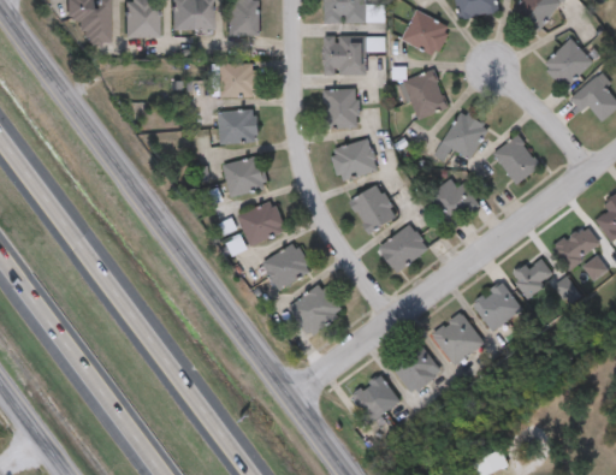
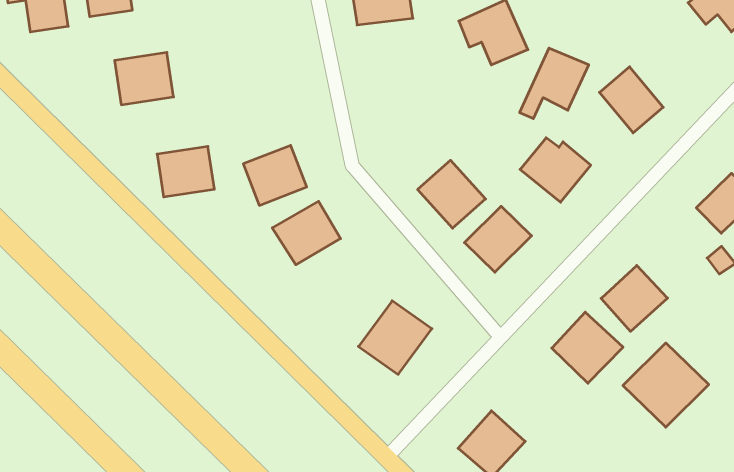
building: [217,63,256,96] -> [115,52,174,105]
building: [324,89,357,127] -> none
building: [219,109,257,142] -> [157,146,214,197]
building: [331,138,378,179] -> none
building: [262,242,313,289] -> none
building: [513,257,555,295] -> none
building: none -> [623,343,709,427]
building: [391,344,442,393] -> none

